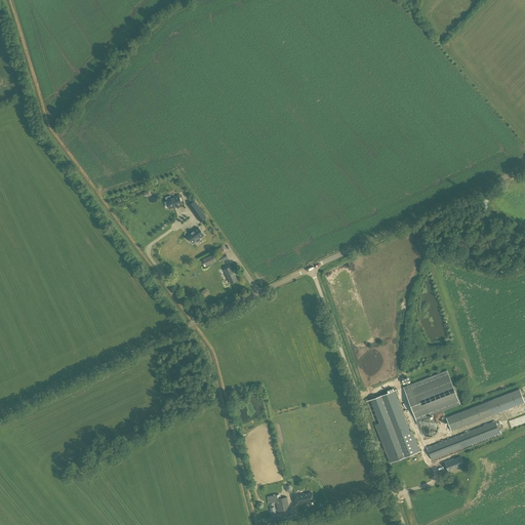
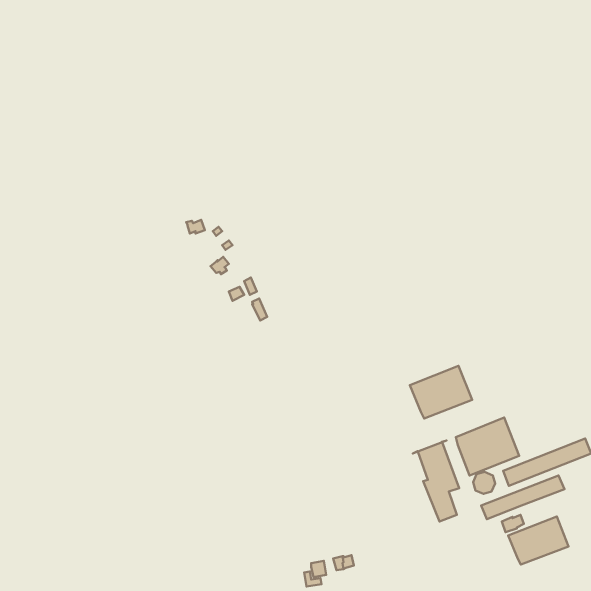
building: none -> [410,366,472,418]
building: none -> [508,517,569,565]

